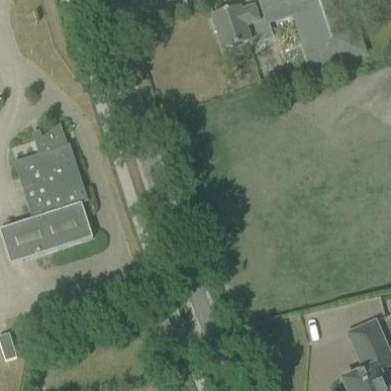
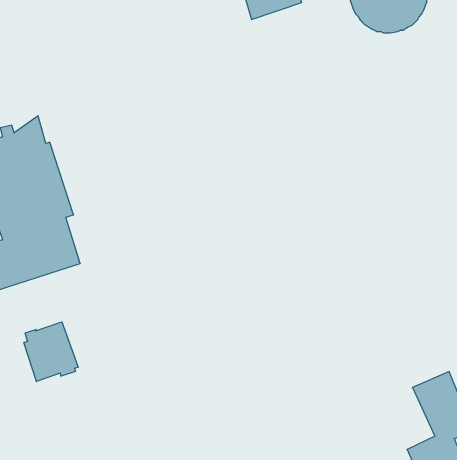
building: none -> [24,322,78,382]

